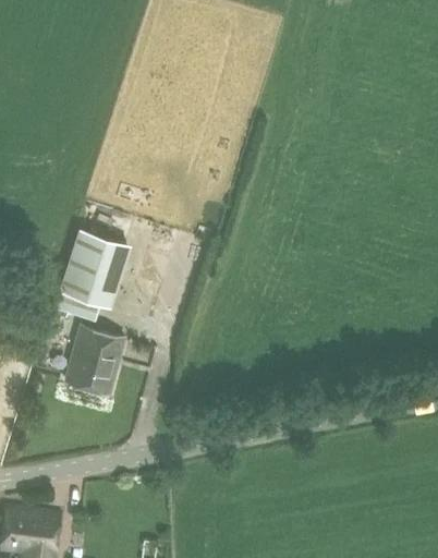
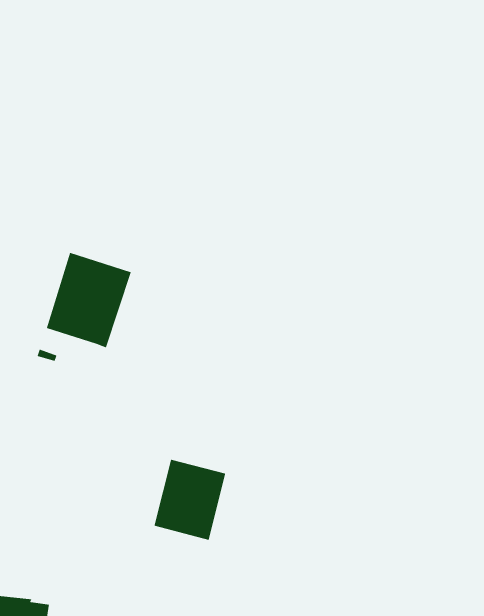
building: [65,328,125,396] -> [153,459,226,541]

